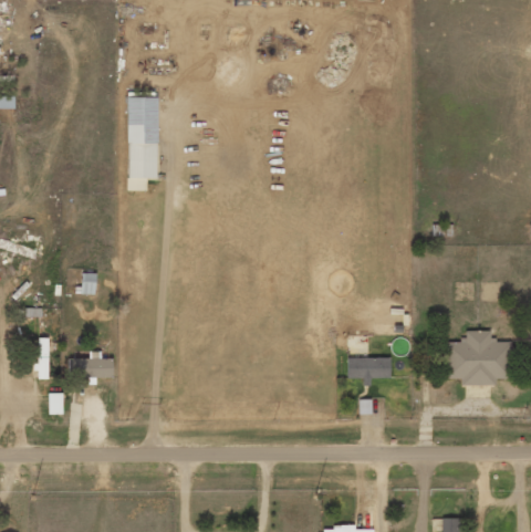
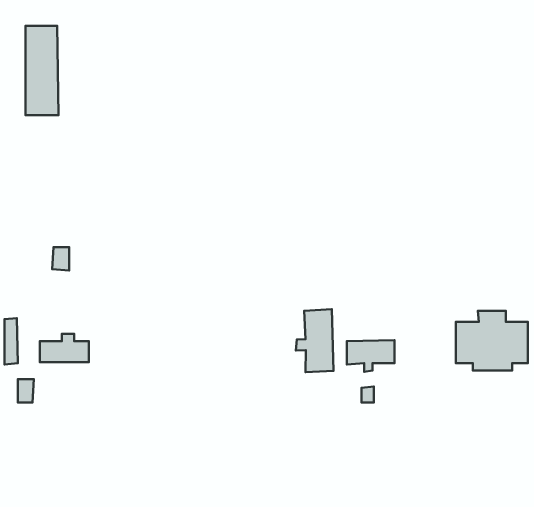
building: [128,97,158,178] -> [25,26,58,115]
building: none -> [296,309,333,372]

